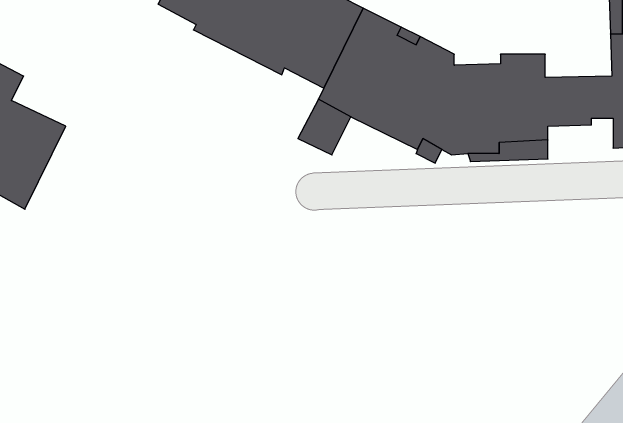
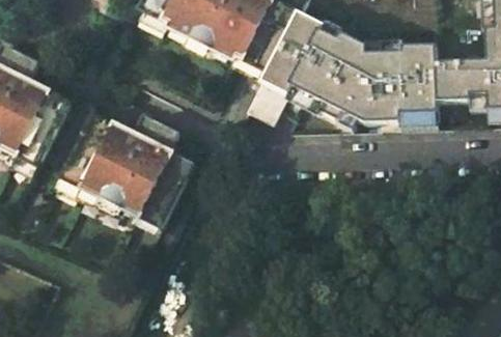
building: none -> [60,109,186,222]

